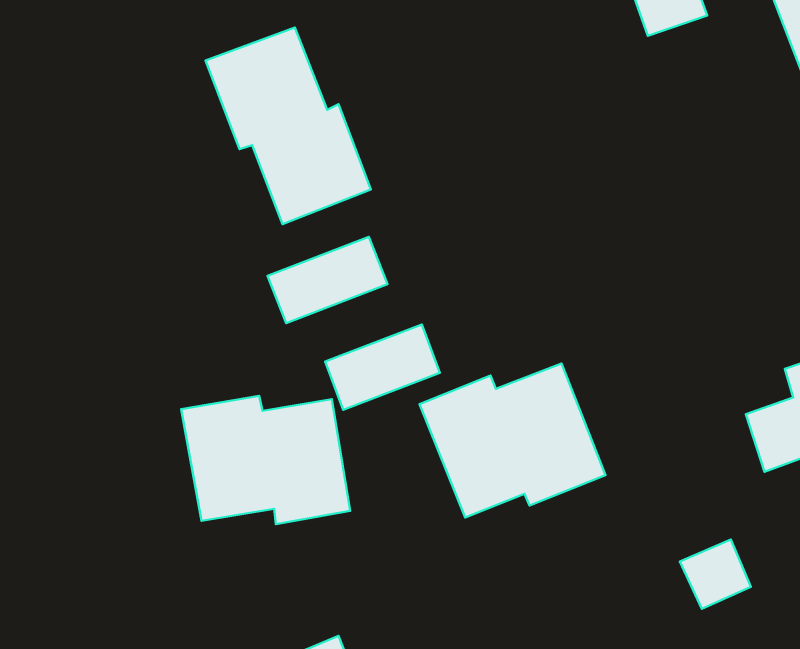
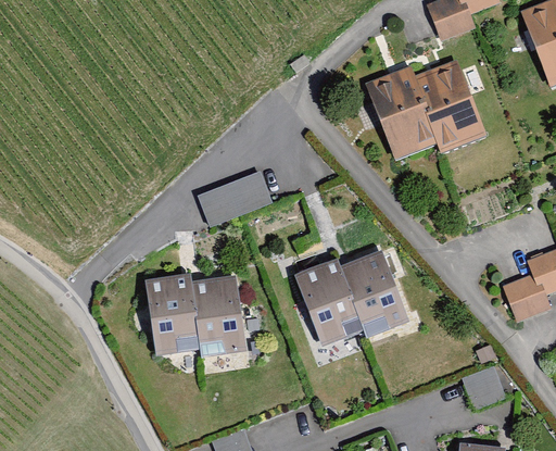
building: [206,27,371,224] -> none
building: none -> [362,57,493,160]
building: [325,324,440,410] -> none

